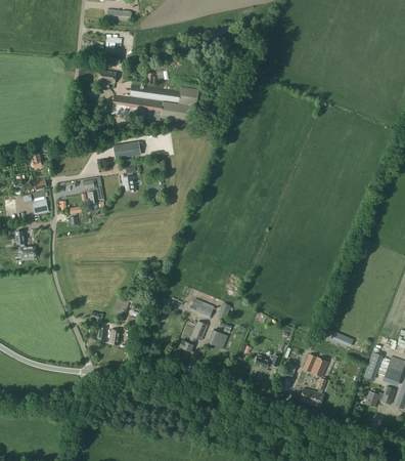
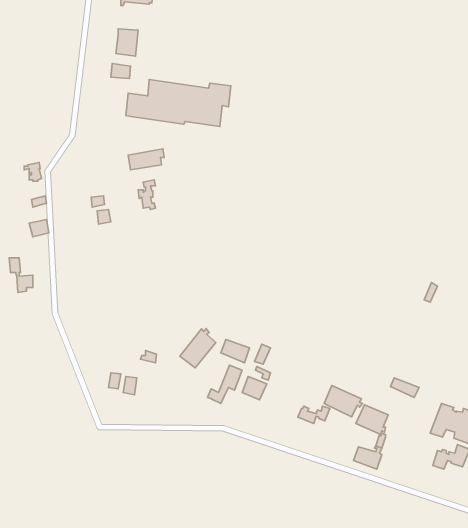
building: none -> [180,329,216,368]
building: none -> [324,386,362,417]

